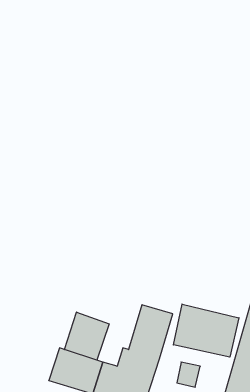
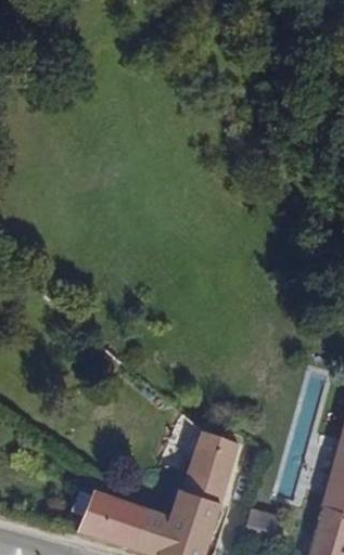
building: [173,304,239,357] -> none
building: [64,312,109,360] -> none

